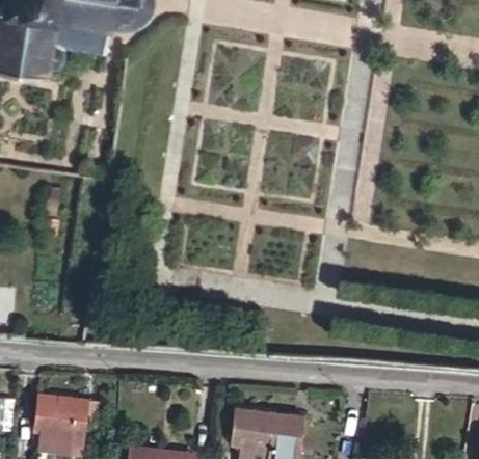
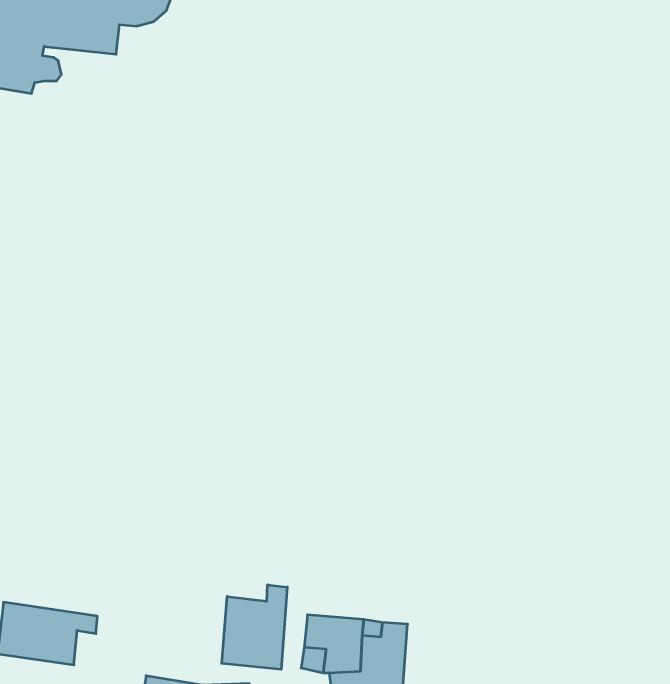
building: none -> [222,585,287,669]

